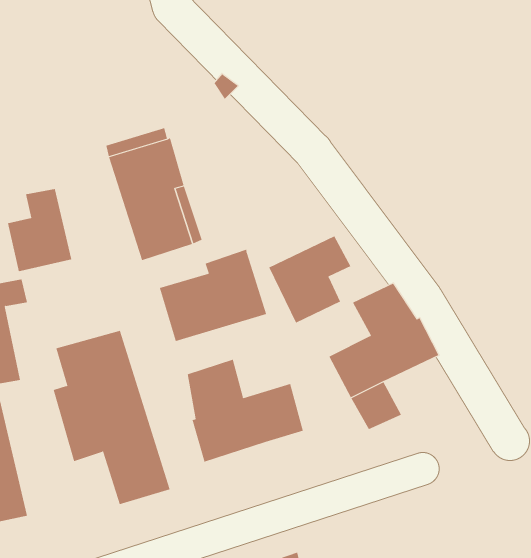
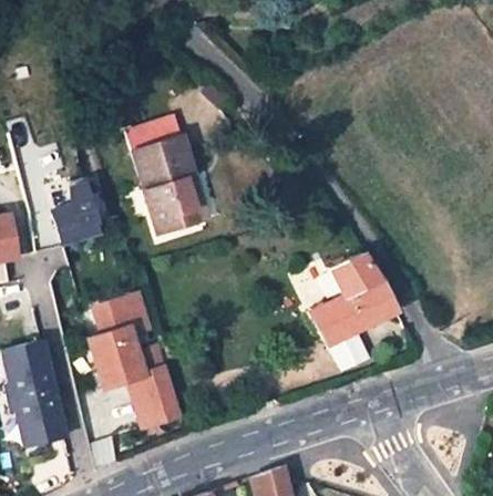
building: [269,236,351,324] -> none
building: [159,249,267,342] -> none
building: [187,359,304,462] -> none

